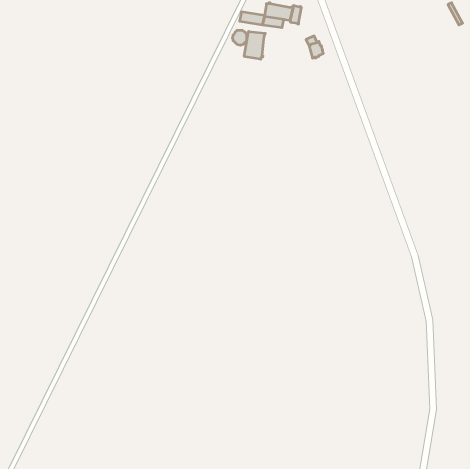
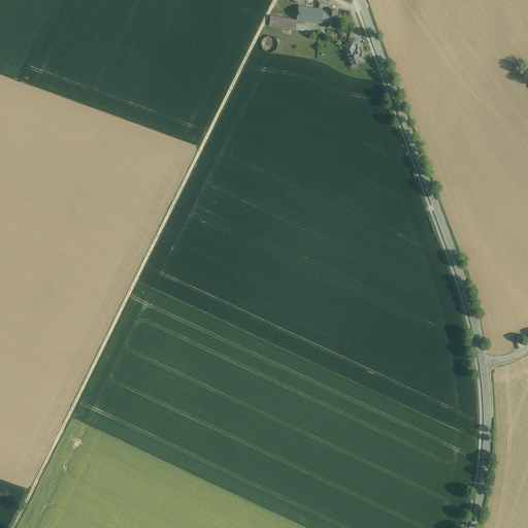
building: [244,31,265,59] -> none

